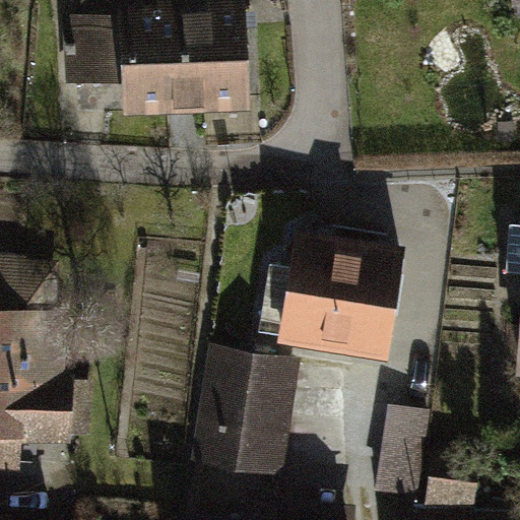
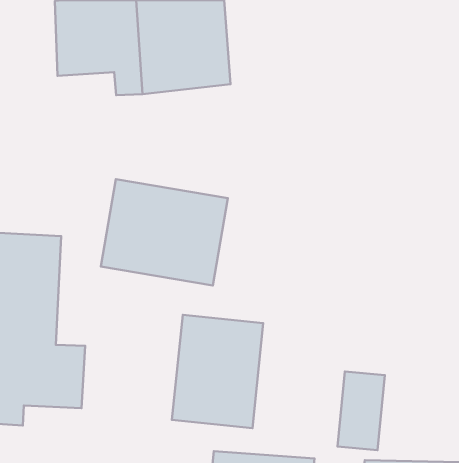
building: none -> [101,179,228,286]
building: [272,233,403,366] -> none

